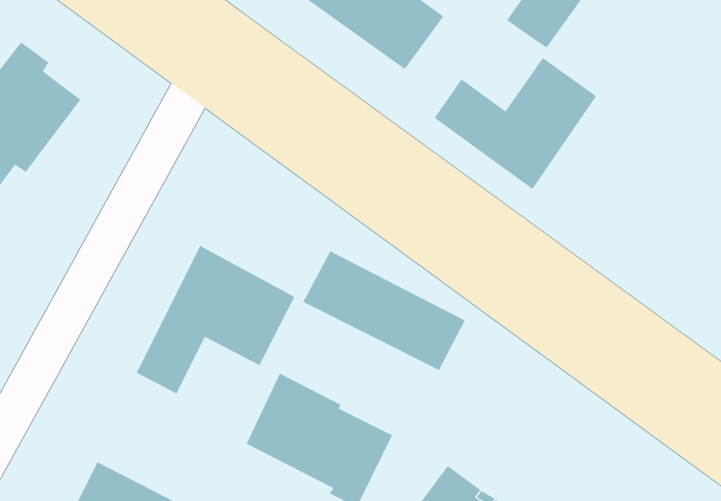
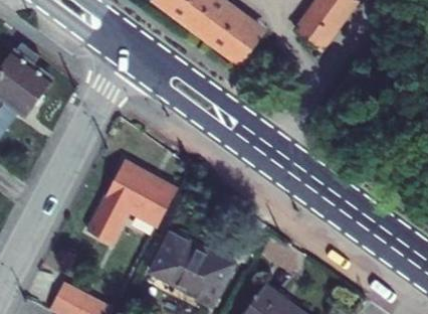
building: [434,57,597,190] -> none
building: [302,250,466,371] -> none

